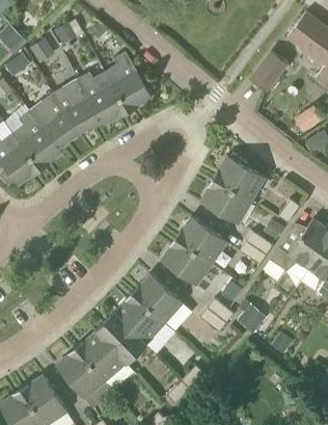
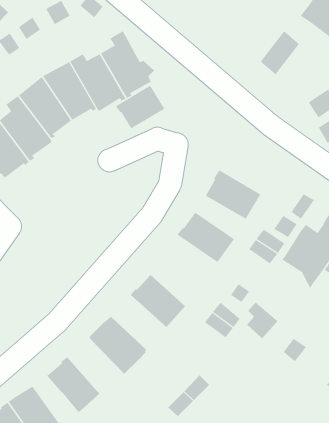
building: none -> [115,85,165,129]
building: [213,153,265,201] -> none
building: [161,237,212,285] -> none
building: [115,292,165,342] -> none
building: [75,331,127,382] -> none

